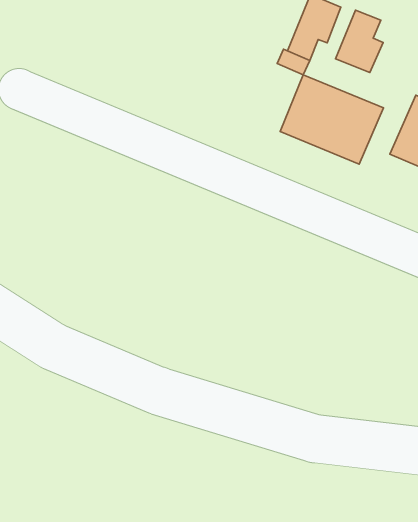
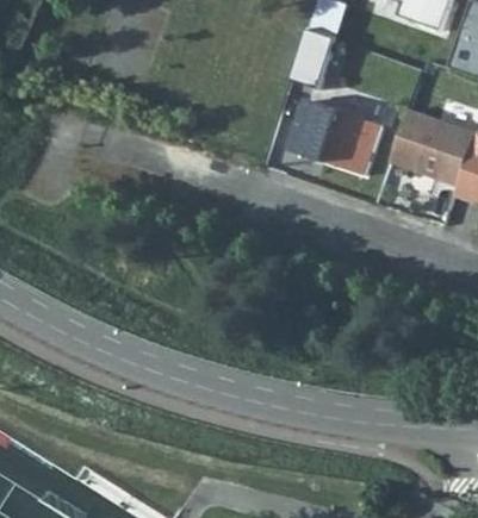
building: [335,10,383,72] -> none

